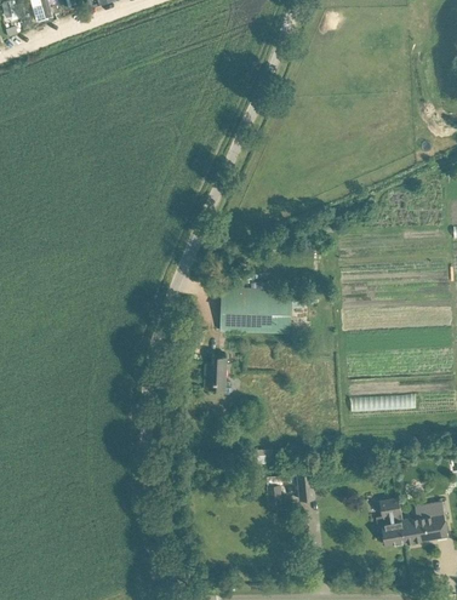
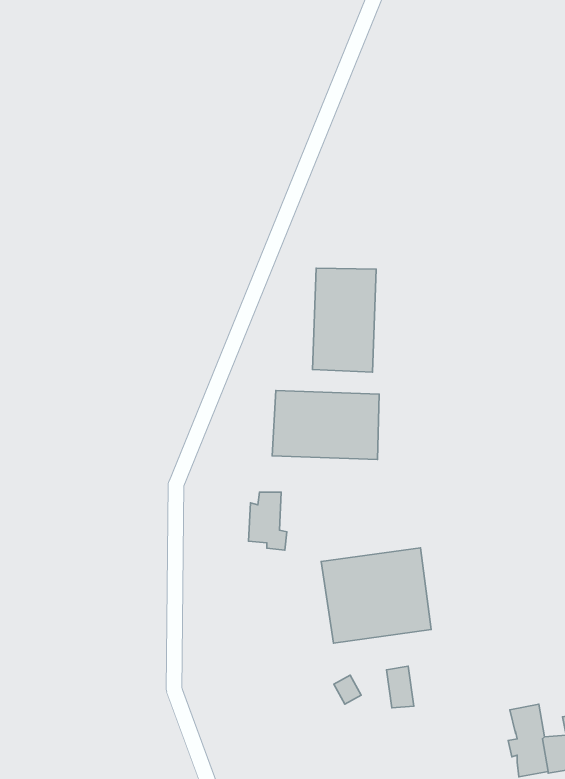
building: none -> [313,268,376,372]
building: none -> [321,548,431,643]

